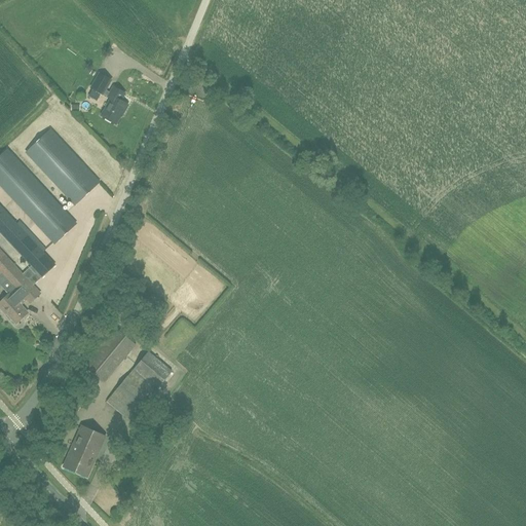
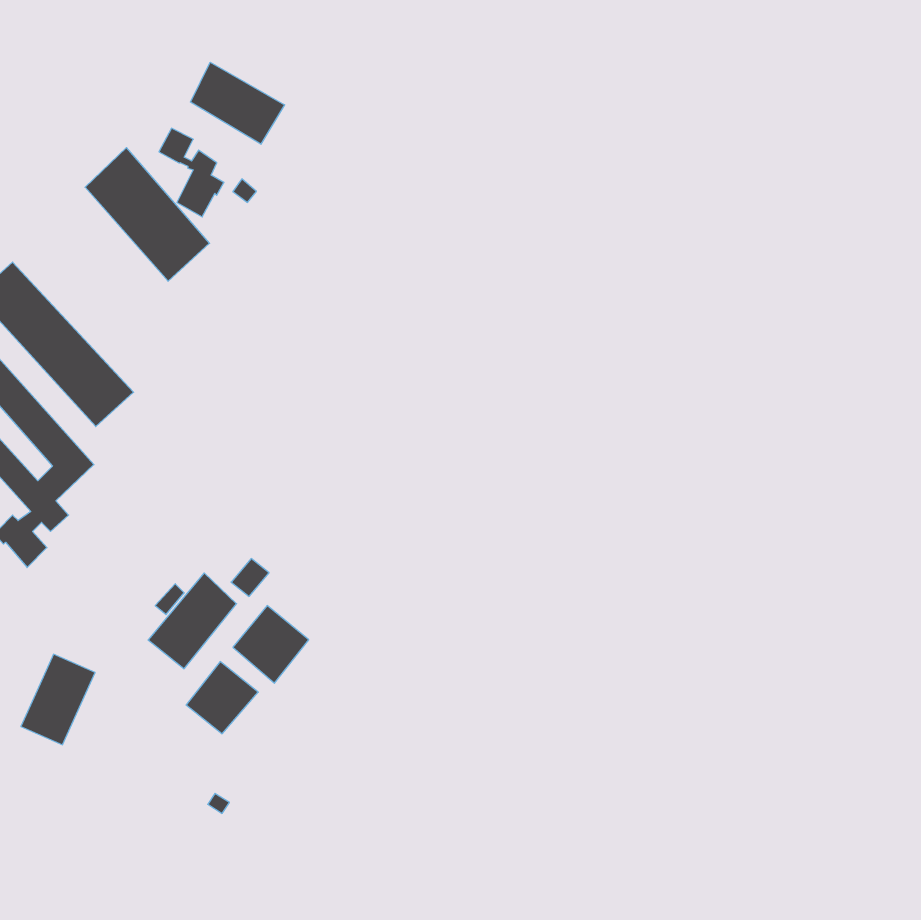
building: none -> [191,62,285,144]
building: [27,129,98,205] -> [85,148,210,281]
building: [63,423,105,475] -> [21,654,95,745]

